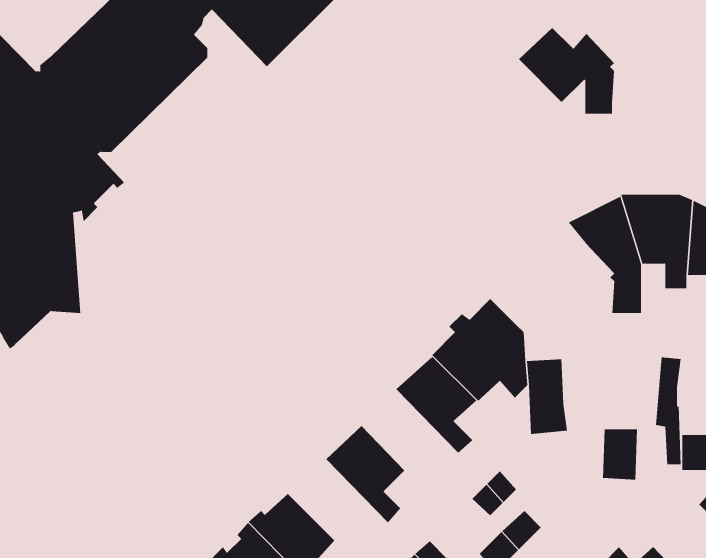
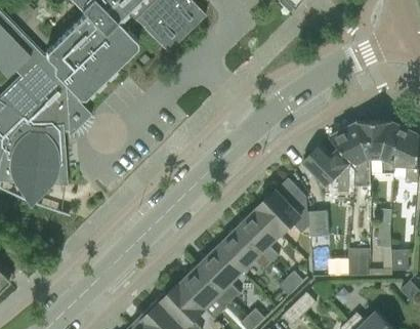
building: [518,27,615,114] -> [302,145,354,192]
building: none -> [218,227,270,271]
building: none -> [178,264,233,309]

